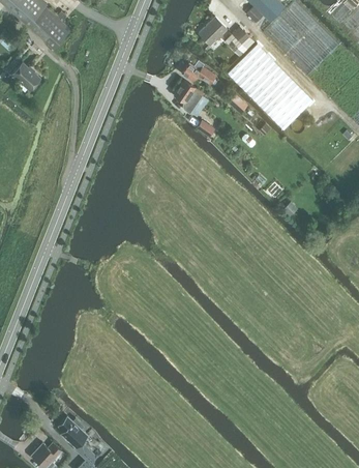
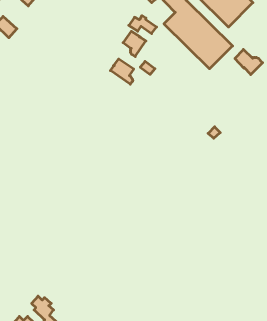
building: none -> [235,49,263,75]
building: none -> [110,59,134,84]

